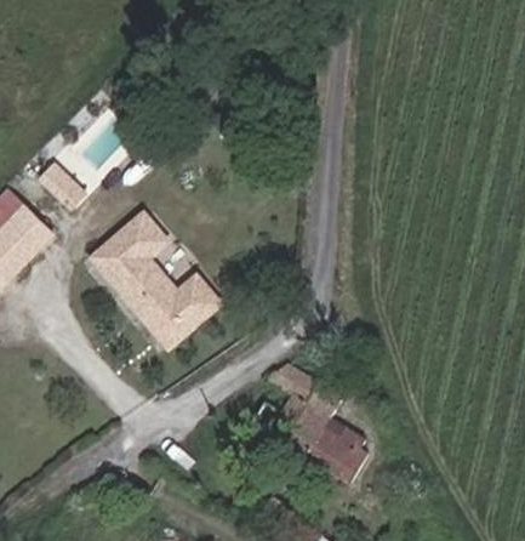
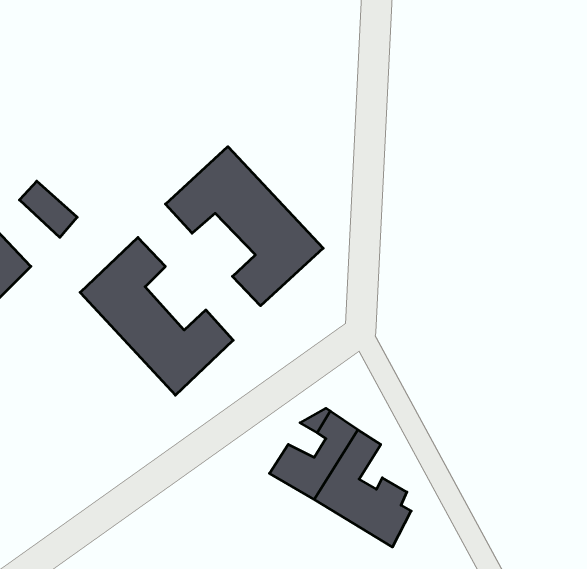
building: none -> [165,147,323,306]

